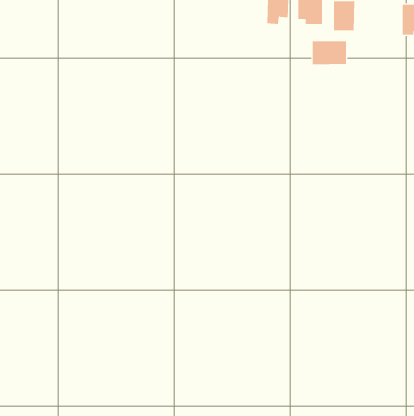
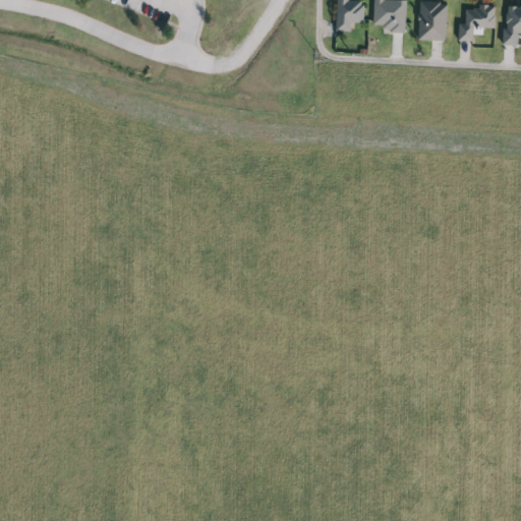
building: none -> [458,4,496,41]
building: [312,41,347,65] -> none

